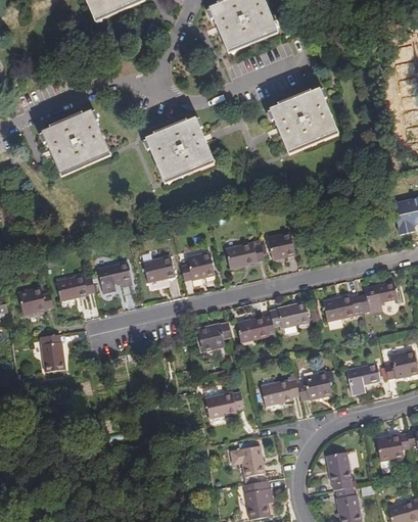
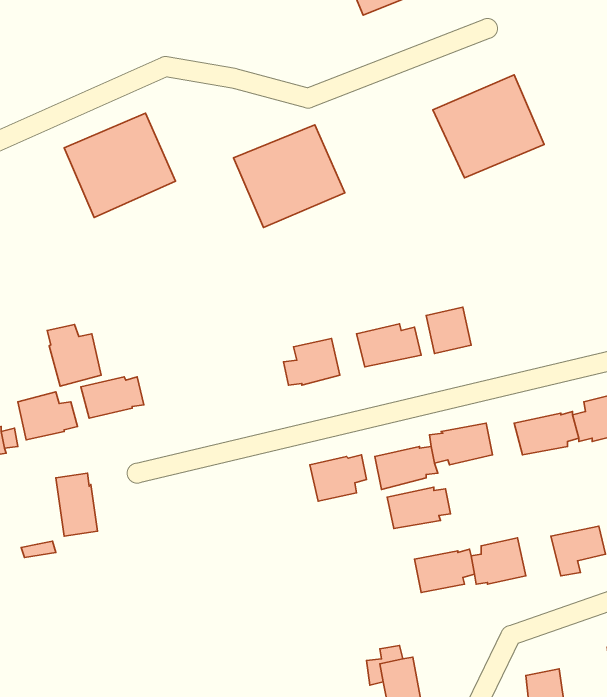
building: none -> [47,324,101,386]
building: [141,254,173,281] -> none
building: [95,260,129,292] -> none
building: [201,392,240,418] -> [387,487,450,529]

